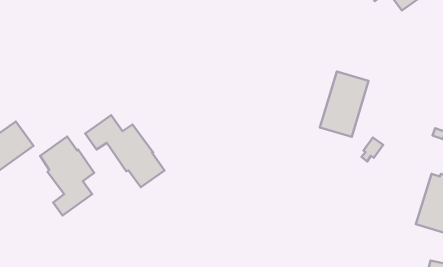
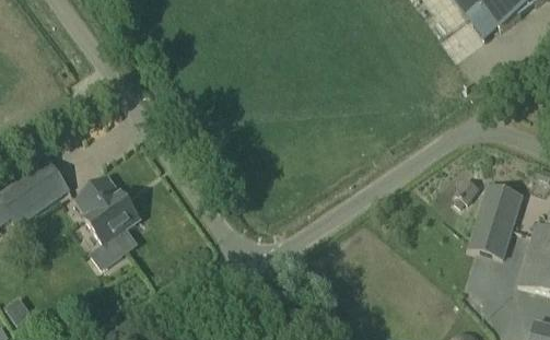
building: [320,72,368,137] -> [468,181,525,258]
building: [85,115,164,187] -> none

